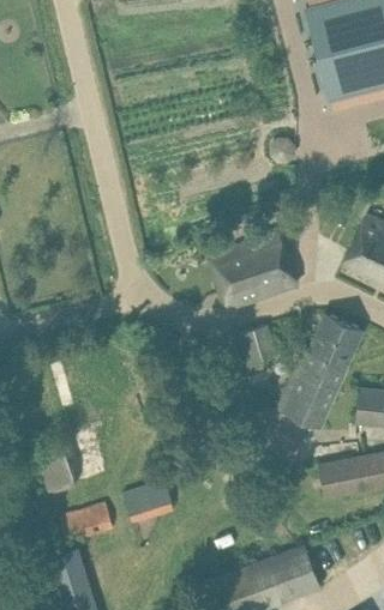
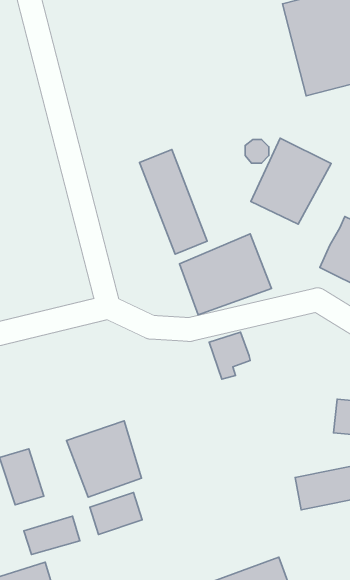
building: none -> [251,138,331,224]
building: none -> [140,150,207,254]
building: [277,313,364,428] -> none
building: none -> [66,421,141,497]

